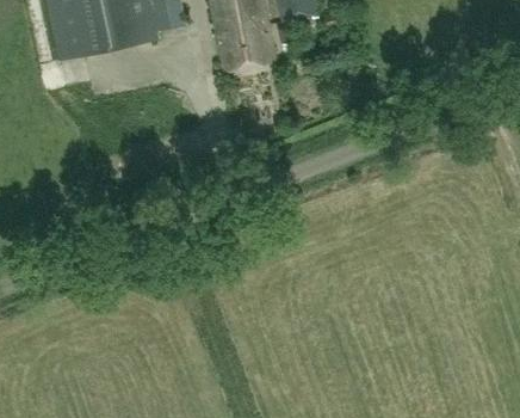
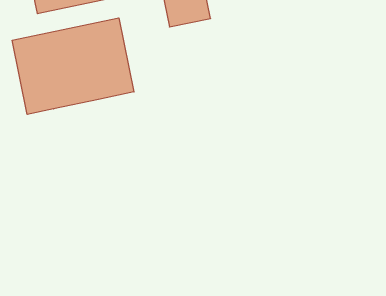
building: none -> [12,18,134,114]

